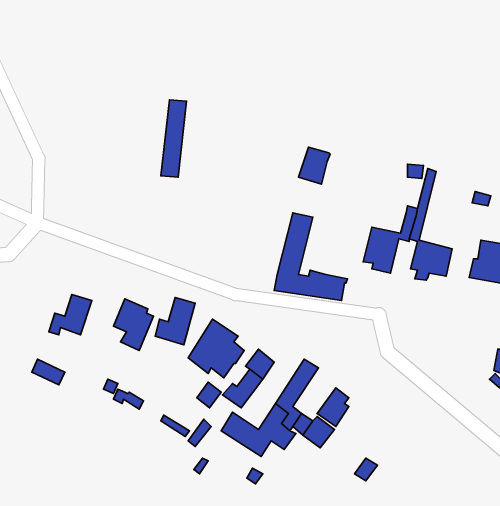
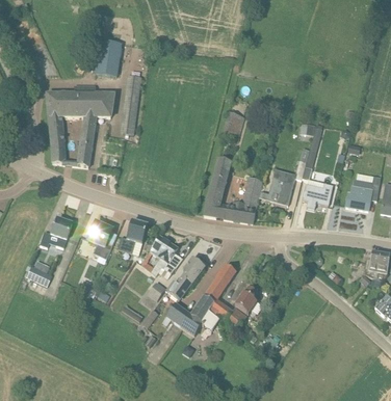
building: none -> [96,38,122,75]
building: none -> [47,83,115,166]
building: none -> [241,175,263,206]

